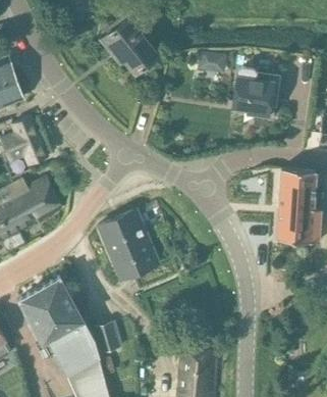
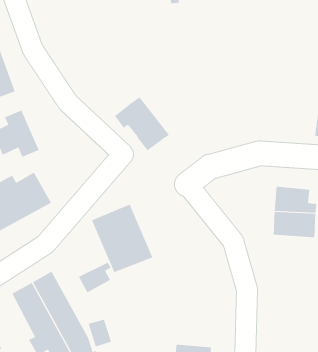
building: [102,20,157,75] -> [114,97,170,151]
building: [198,52,227,75] -> none
building: [232,67,273,119] -> none
building: [280,169,316,196] -> none
building: none -> [78,262,112,293]

